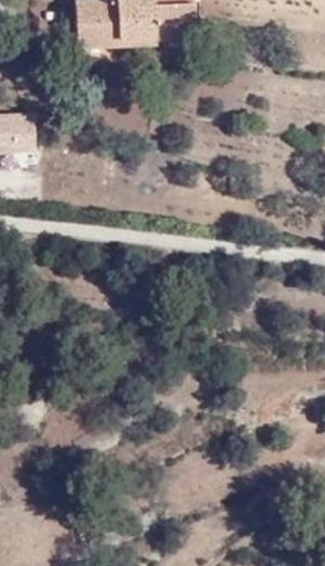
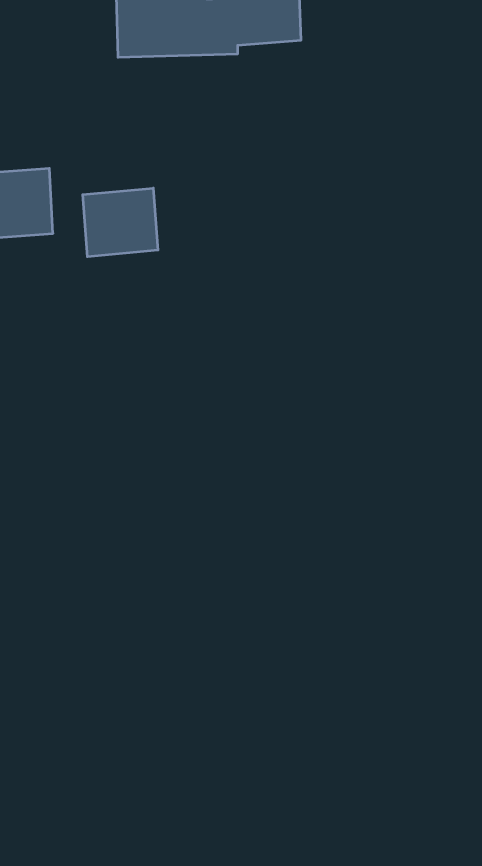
building: none -> [83,188,158,257]

